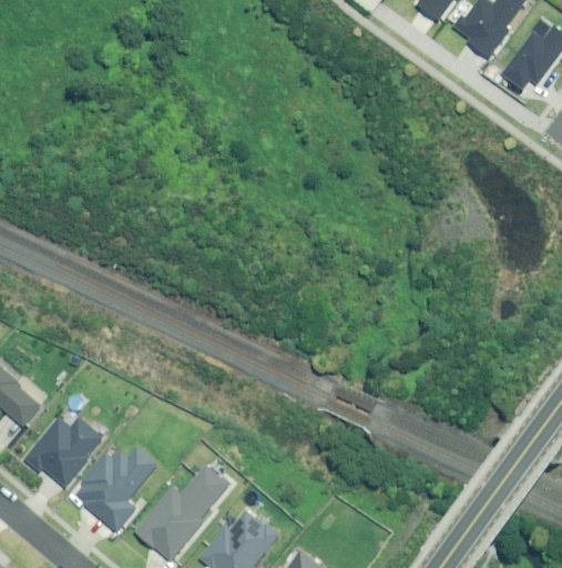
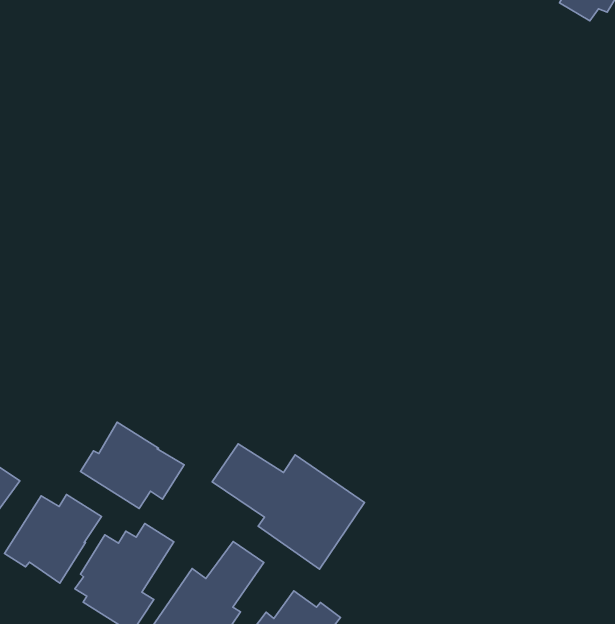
building: none -> [80,422,184,508]
building: none -> [212,444,365,569]

